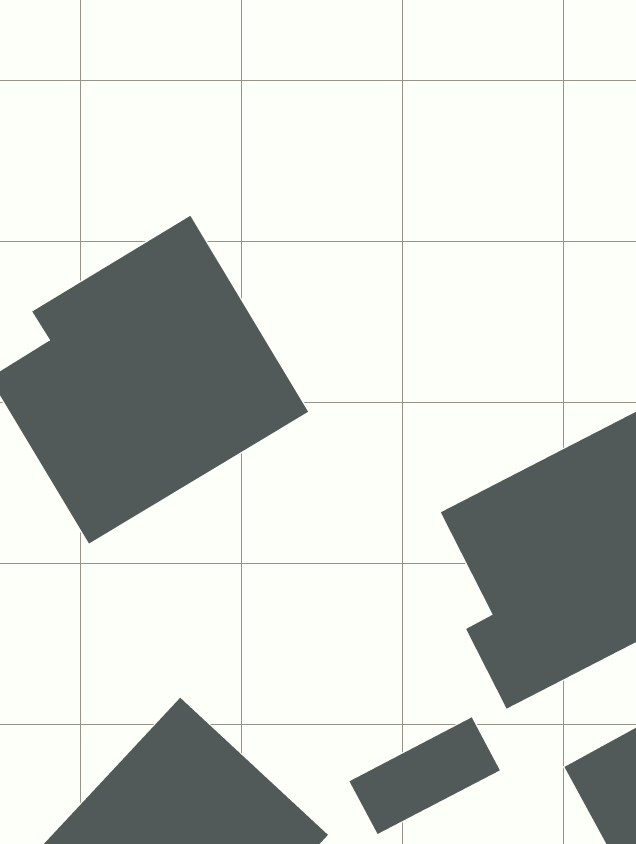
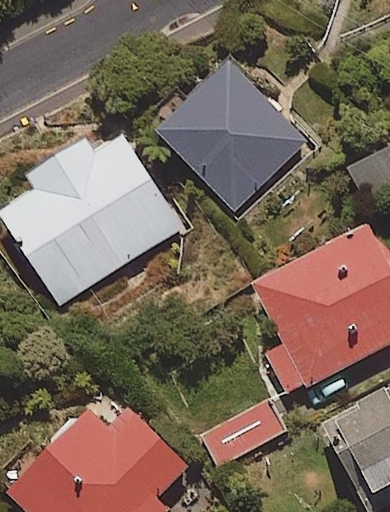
building: none -> [157,61,306,210]

